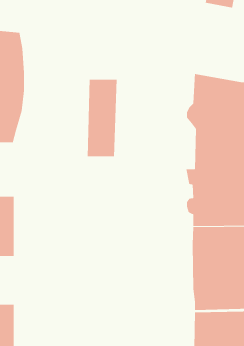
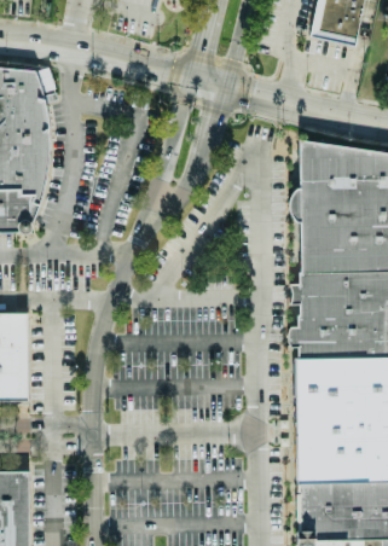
building: [87,79,117,157] -> none

